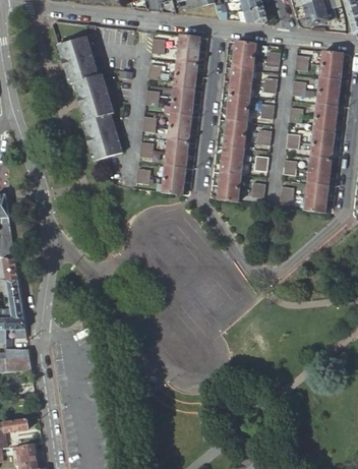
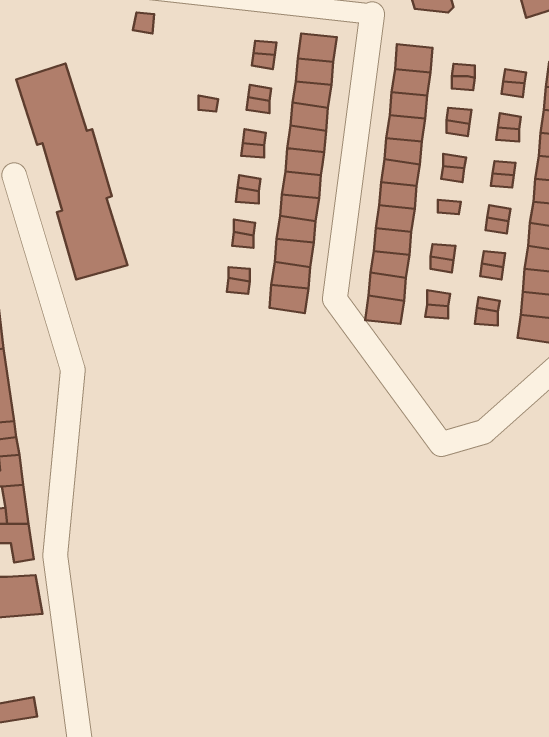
building: [58,38,122,162] -> [16,64,128,279]

